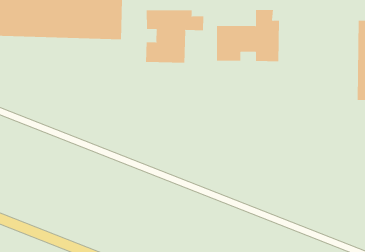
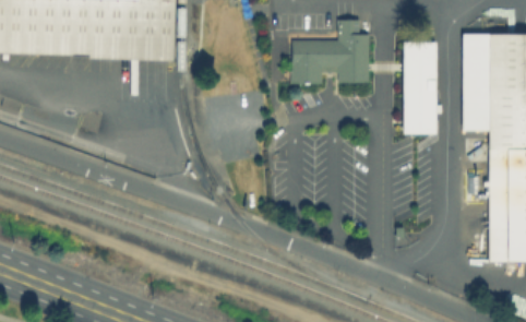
building: [145,9,204,64] -> none
building: none -> [403,40,435,132]

